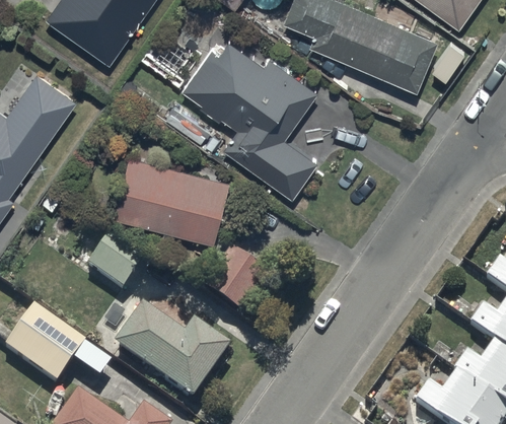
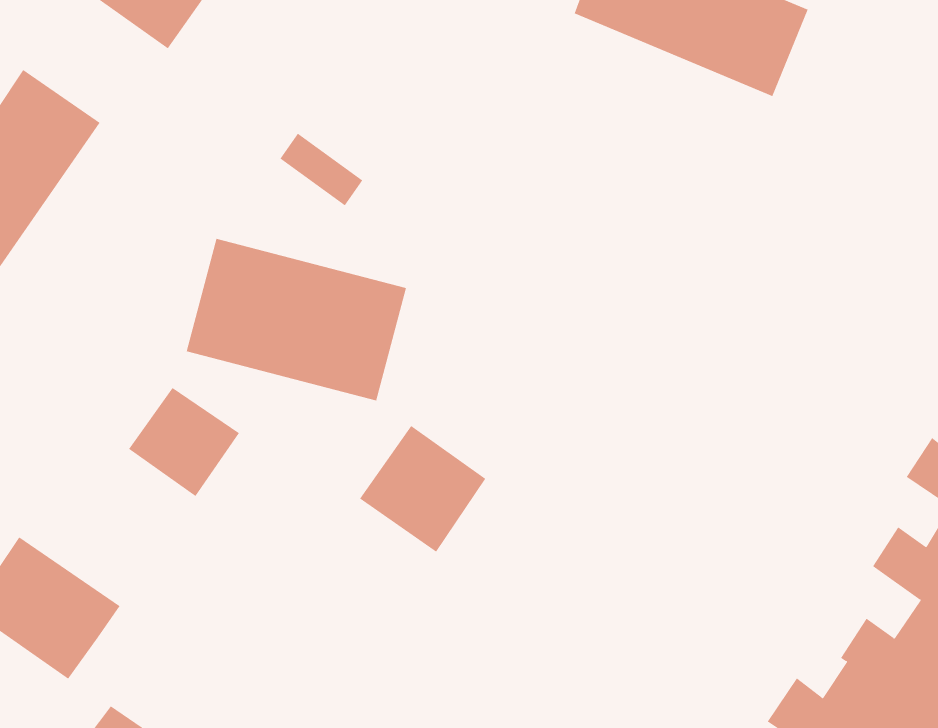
building: [188,46,318,199] -> none
building: [119,313,230,404] -> none

